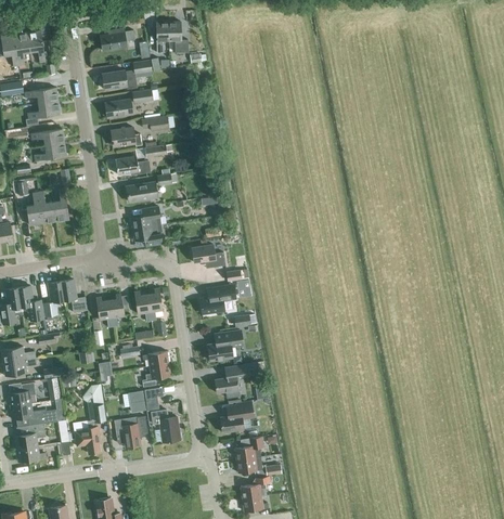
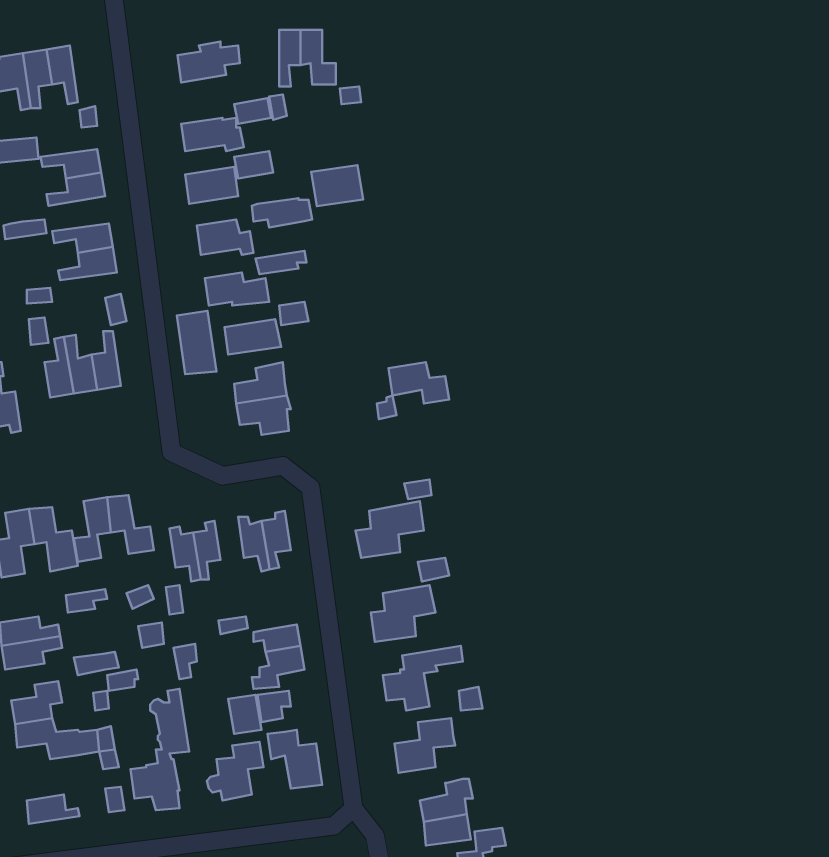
building: none -> [311,165,363,206]
building: none -> [177,311,217,374]
building: [192,245,225,268] -> [389,362,449,403]
building: [14,424,46,449] -> none

